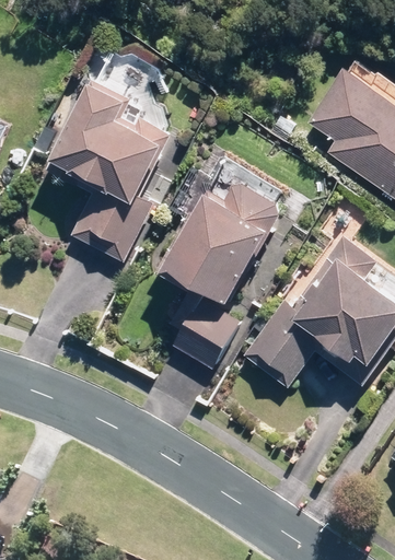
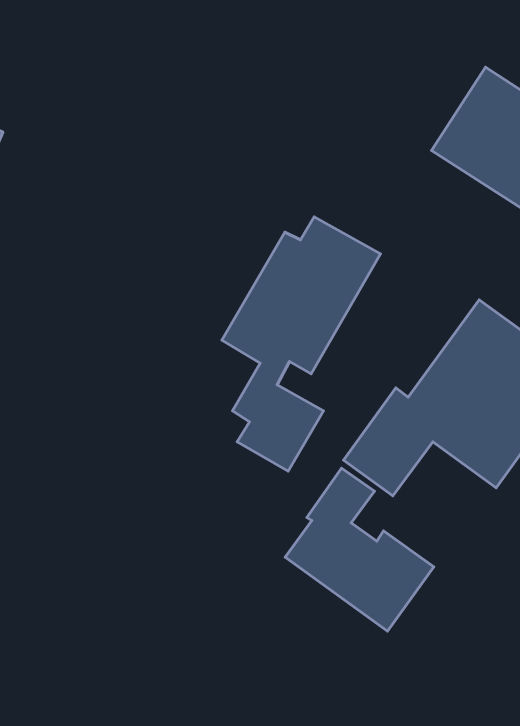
building: [53,88,167,254] -> none
building: none -> [285,468,434,631]

